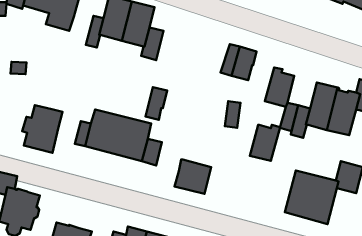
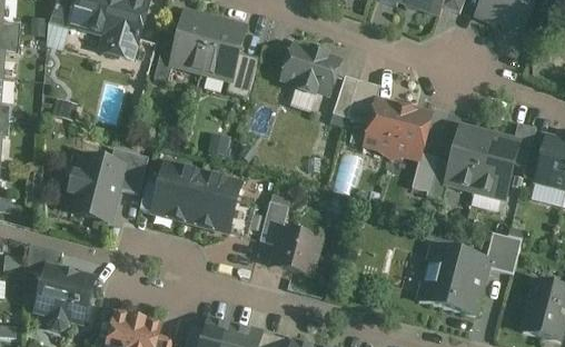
building: none -> [281,44,340,95]
building: [145,87,167,120] -> [259,201,288,245]
building: none -> [110,148,148,194]
building: [250,125,280,161] -> [364,103,404,151]

